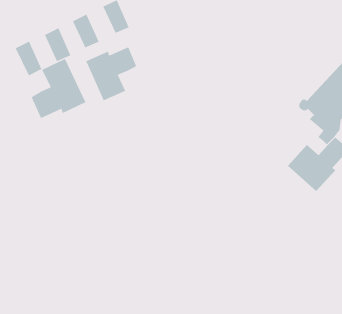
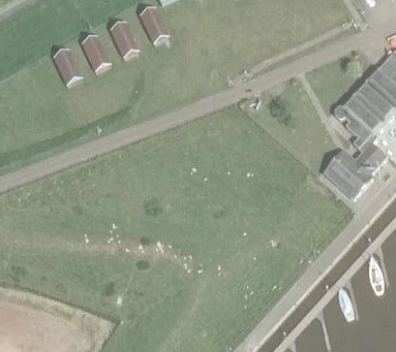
building: [86,47,137,101] -> none
building: [31,58,86,119] -> none

